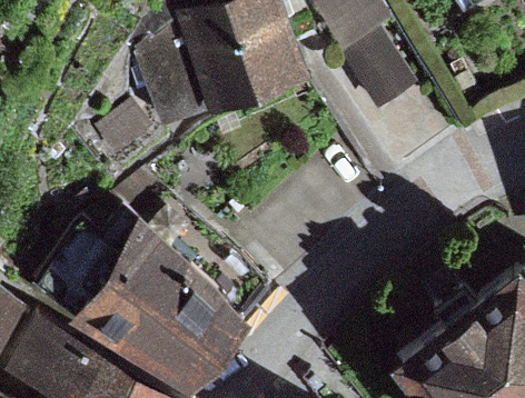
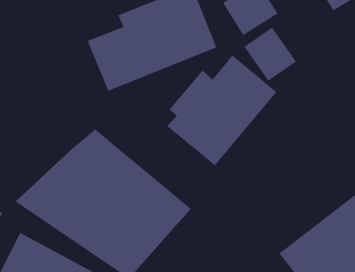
building: none -> [167,54,277,166]

